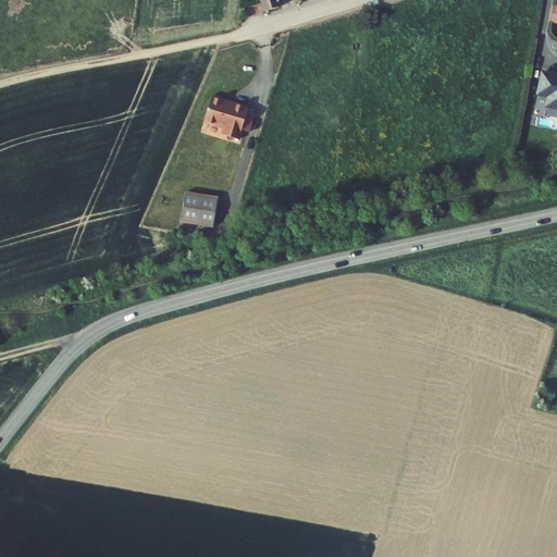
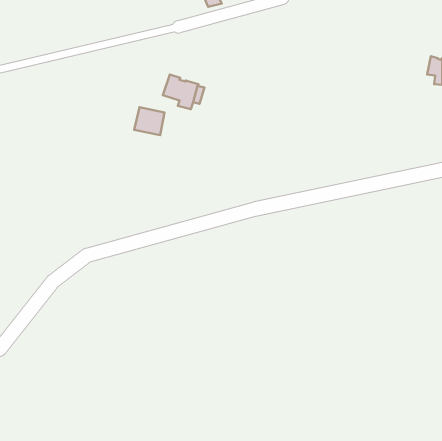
building: [180,191,218,226] -> [134,107,165,135]

